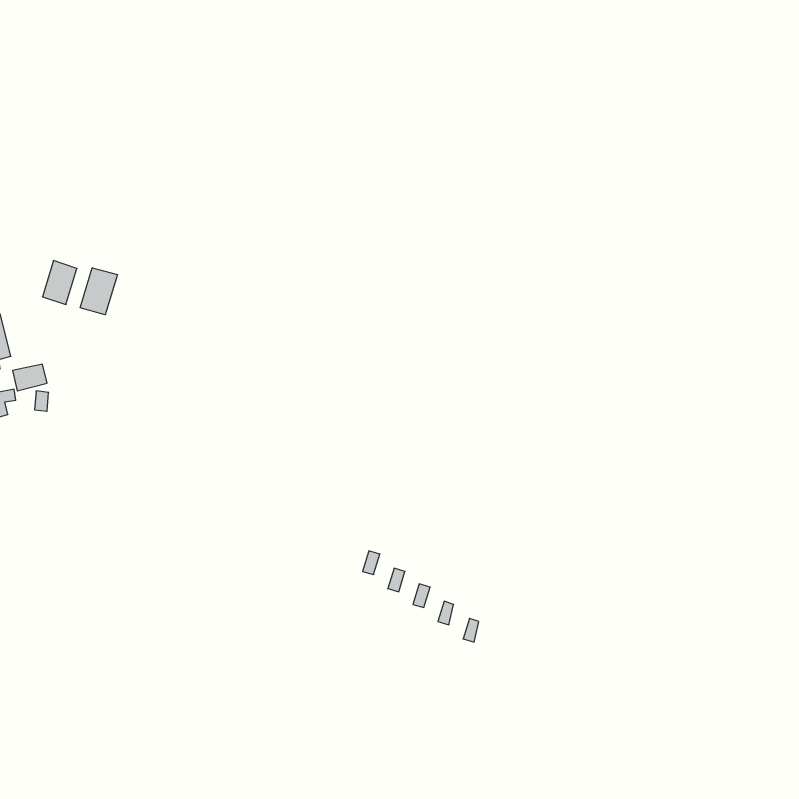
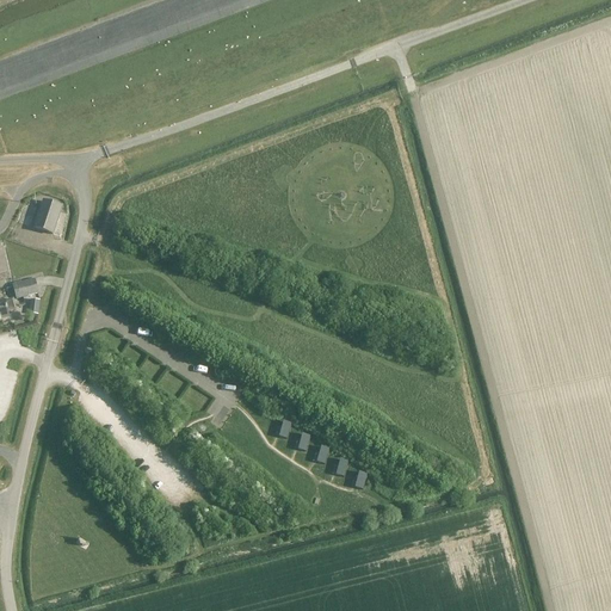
building: [80,268,118,315] -> none

